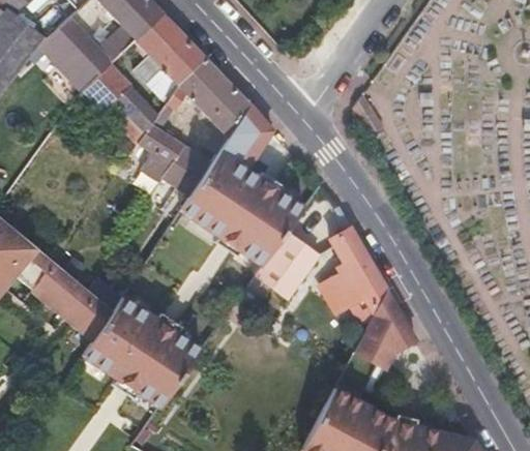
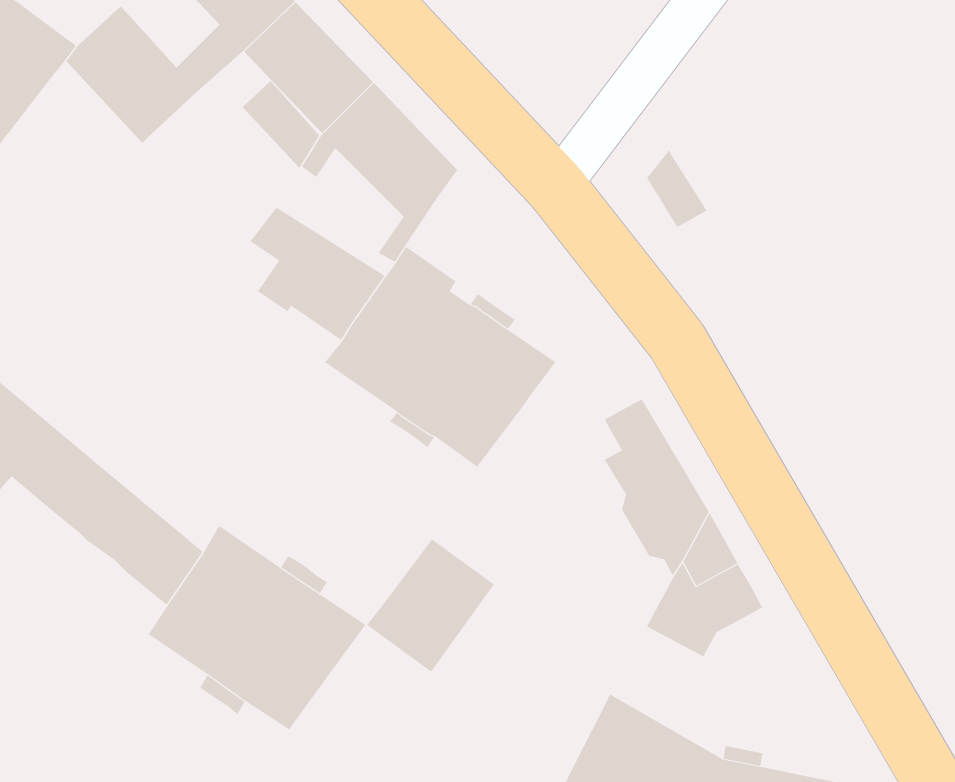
building: [80,62,158,144] -> none
building: [222,104,272,164] -> none
building: [254,228,323,300] -> [366,538,495,673]

